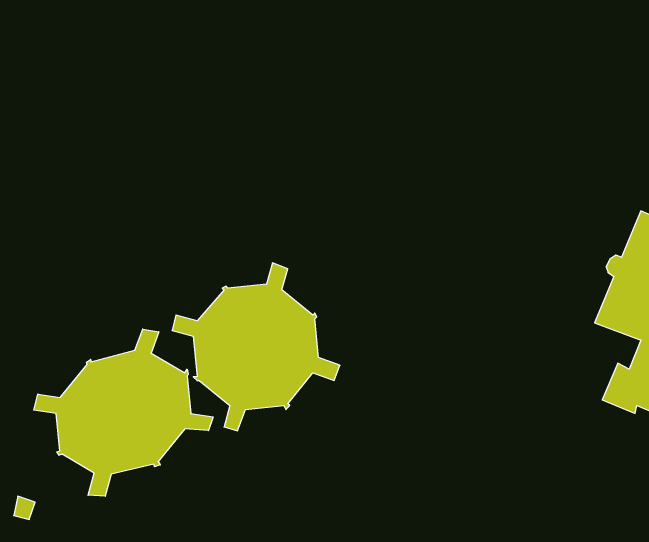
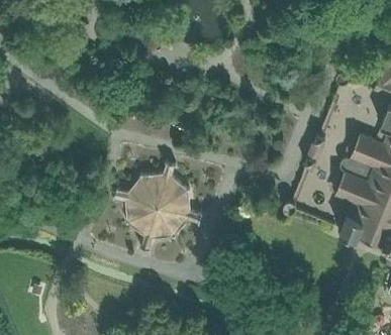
building: [34,329,213,496] -> none

